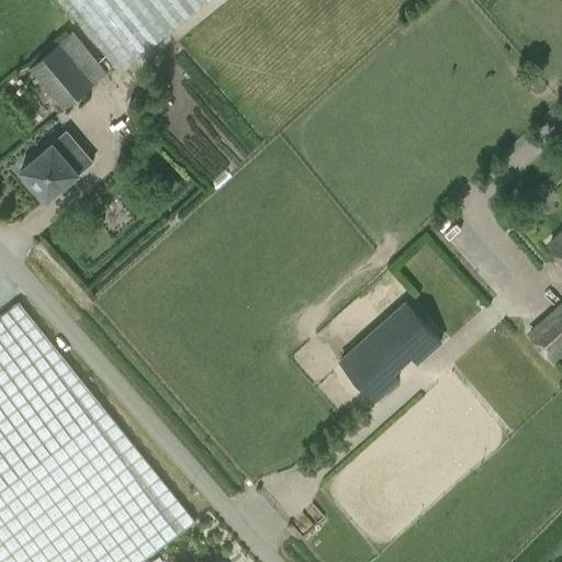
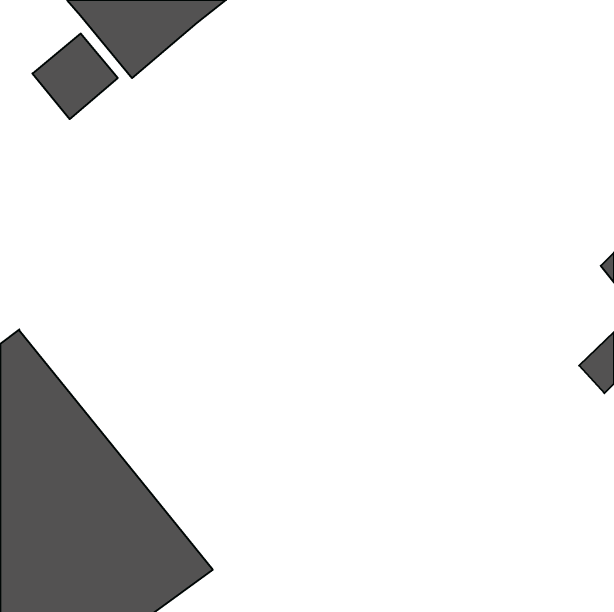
building: [21,134,92,203] -> none
building: [340,304,441,403] -> none

